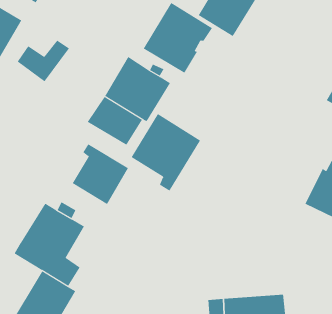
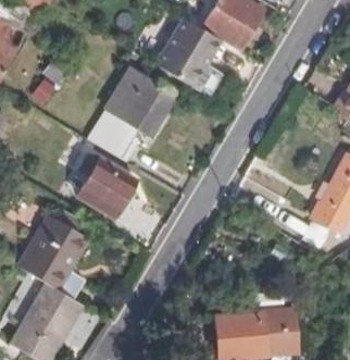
building: [131,113,201,191] -> none

